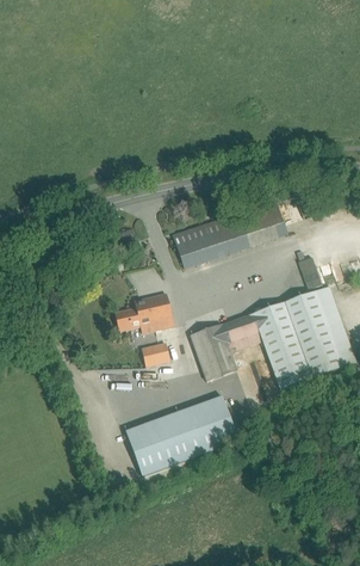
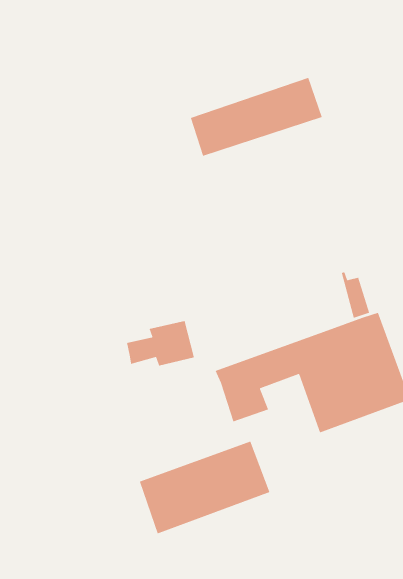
building: [174,199,287,267] -> [190,77,323,157]
building: [141,340,170,365] -> none

